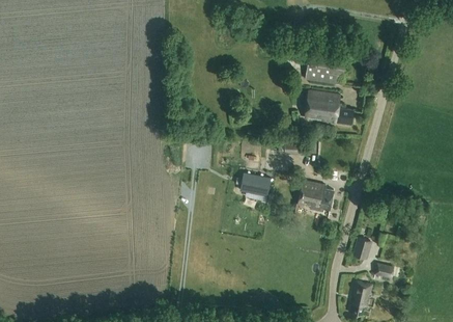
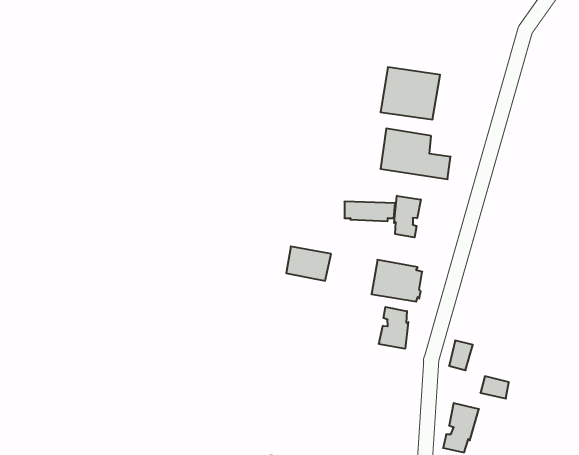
building: none -> [394,196,421,237]
building: none -> [379,307,408,349]

